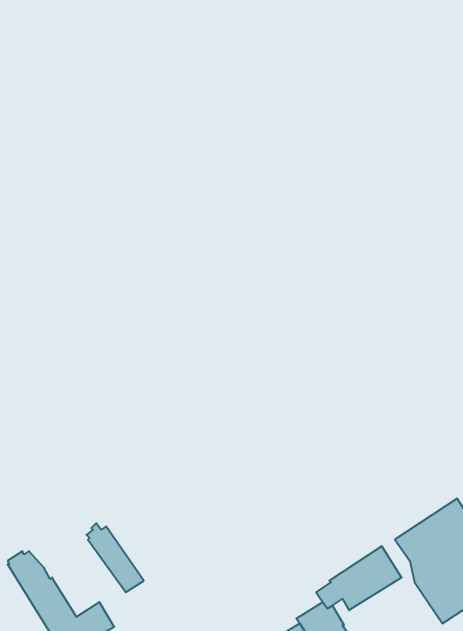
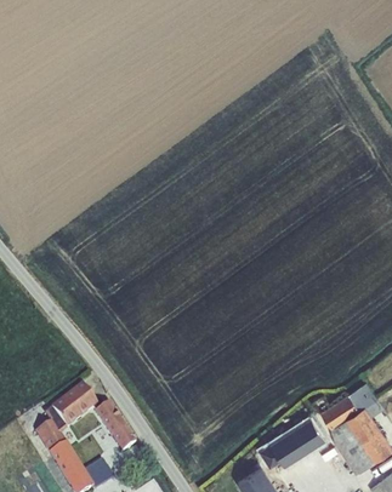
building: none -> [44,384,97,433]

